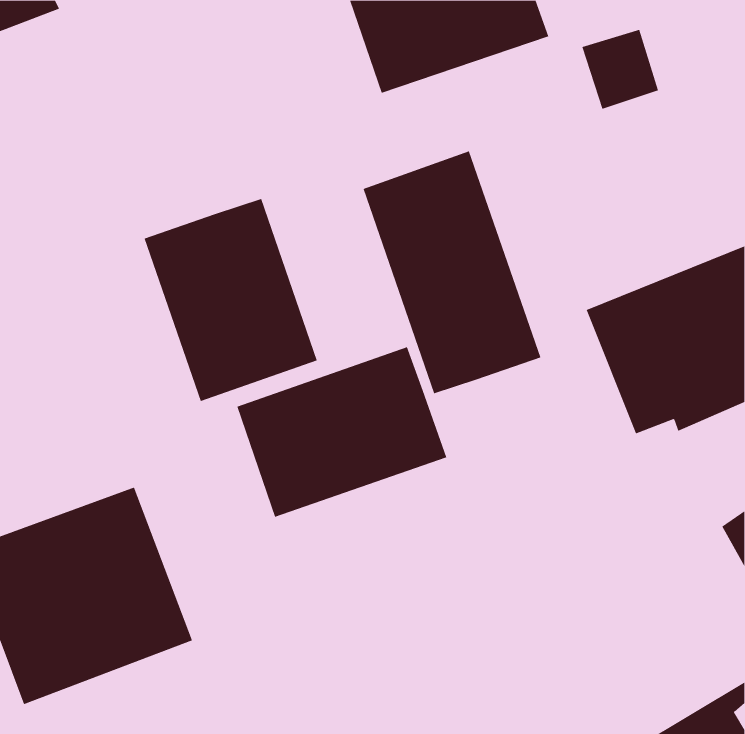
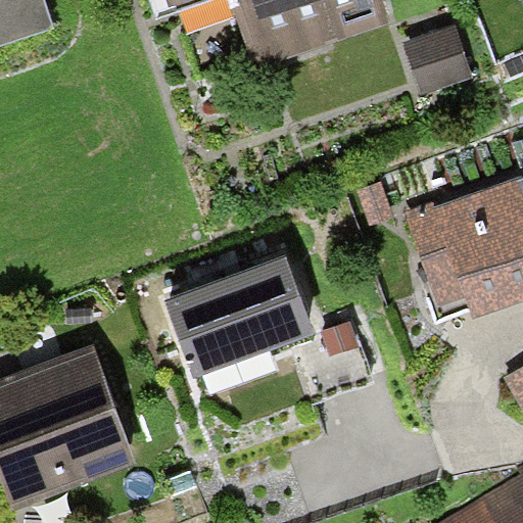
building: [363,151,541,394] -> none
building: [144,198,317,402] -> none

